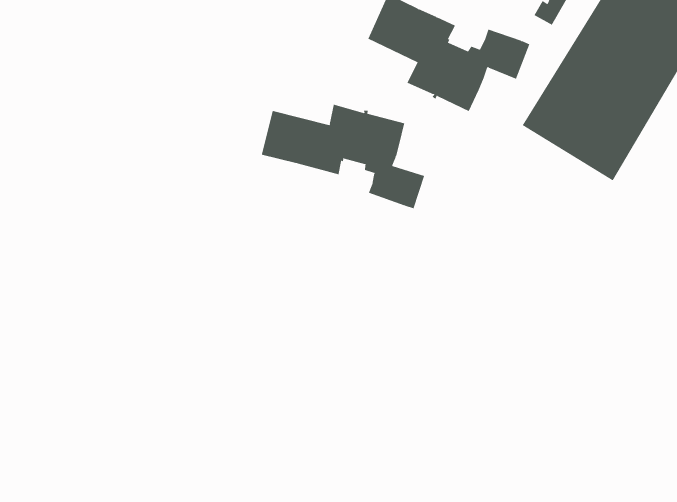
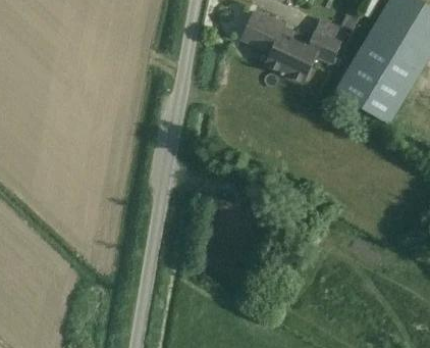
building: [261,104,425,209] -> none

